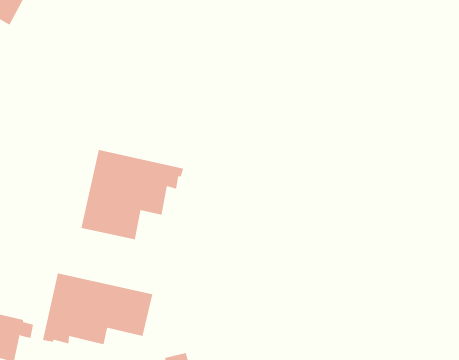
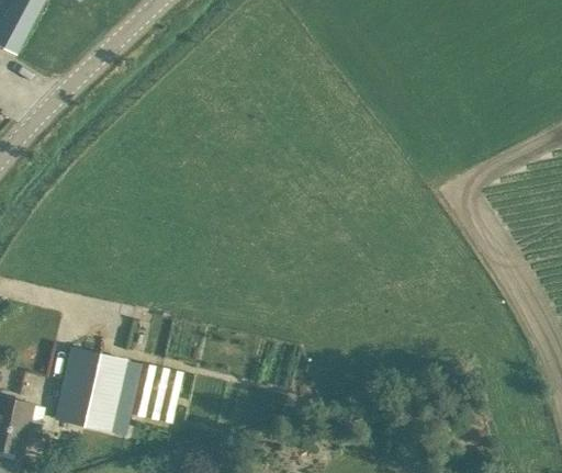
building: [81,149,184,240] -> none

